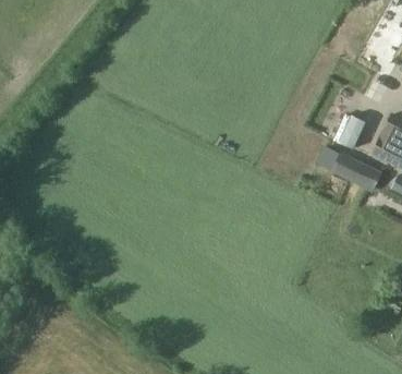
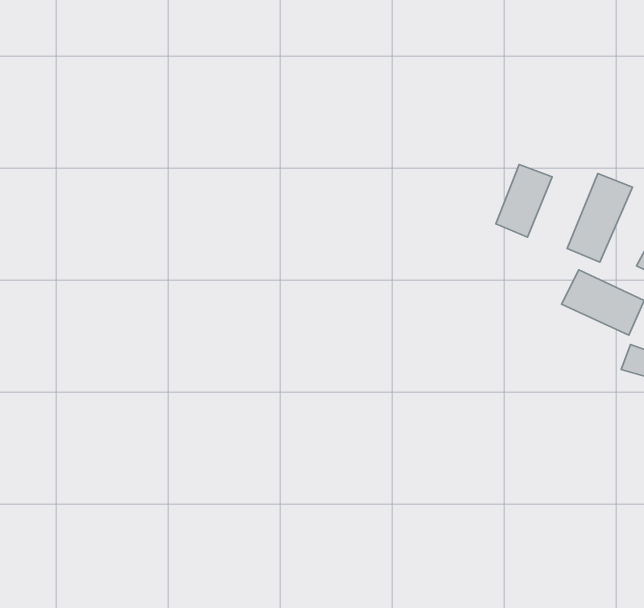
building: none -> [496,165,552,237]

